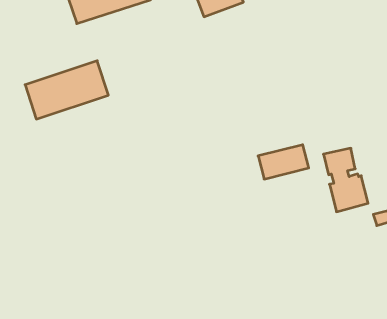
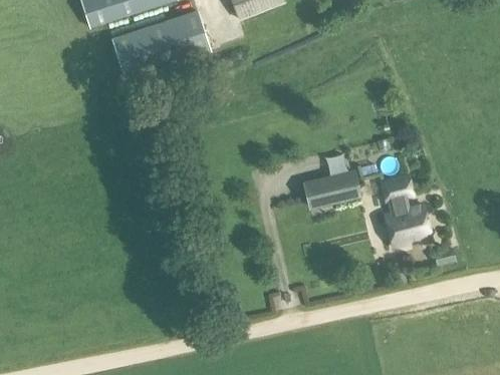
building: [25,61,108,119] -> [111,8,209,76]

